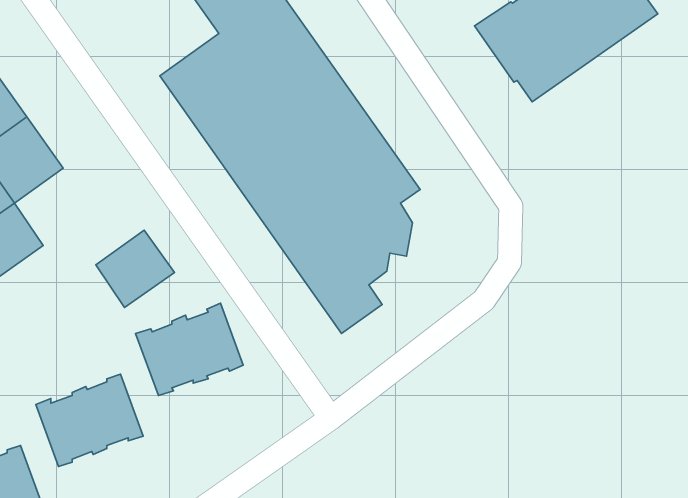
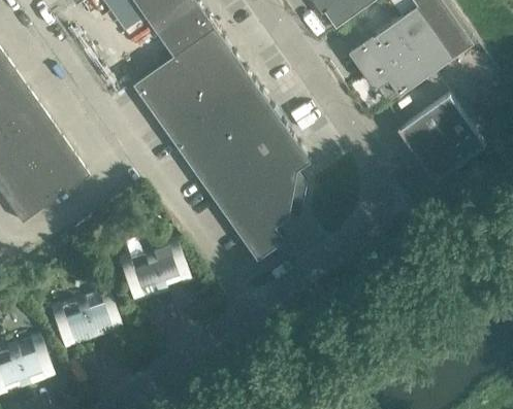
building: none -> [397,95,484,180]
building: [96,230,175,307] -> [34,147,88,200]

